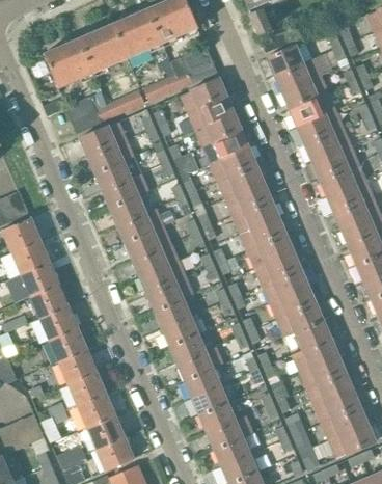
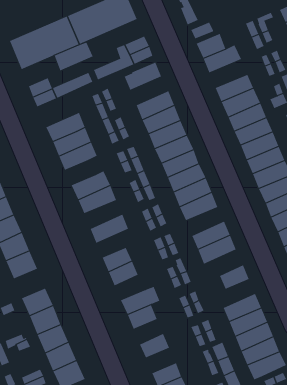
building: [281,76,328,110] -> none
building: [187,97,234,131] -> none
building: [79,122,127,157] -> [54,42,94,71]
building: [109,196,145,226] -> none
building: [132,244,179,278] -> none
building: [253,252,300,287] -> none
building: [146,278,194,313] -> none
building: [275,303,323,339] -> none
building: [48,326,86,361] -> none
building: [168,333,206,364] -> none
building: [291,339,337,373] -> none
building: [191,386,227,416] -> none
building: [206,415,253,451] -> none

